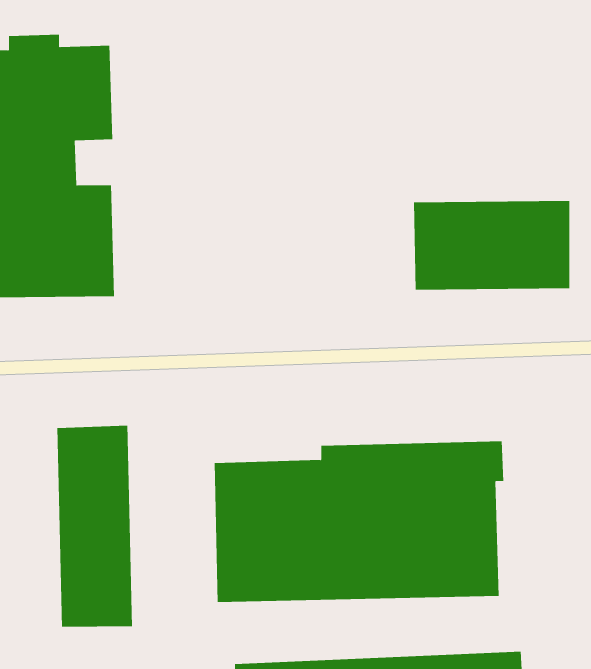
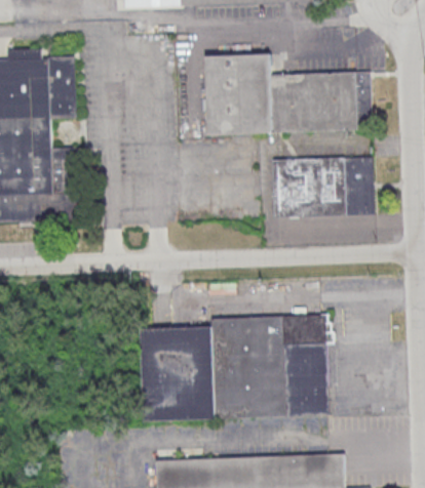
building: none -> [204,54,372,134]
building: [57,425,132,628] -> none

